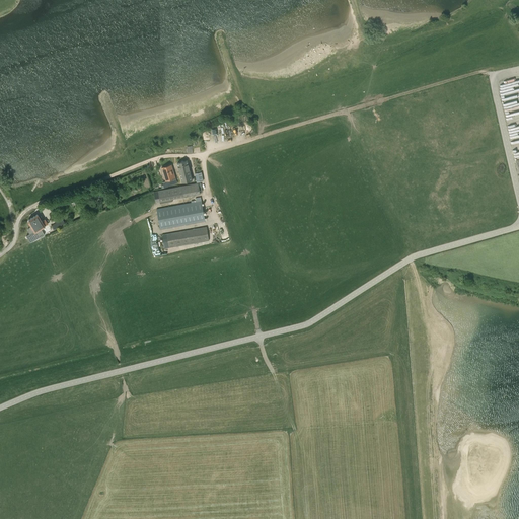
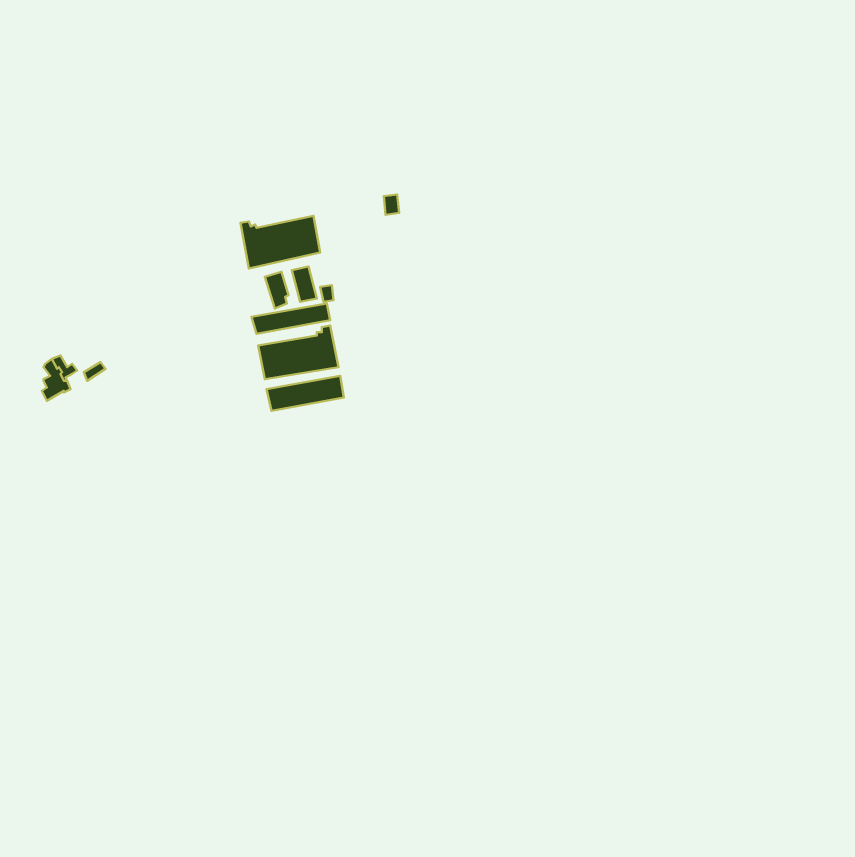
building: none -> [241,216,320,269]

